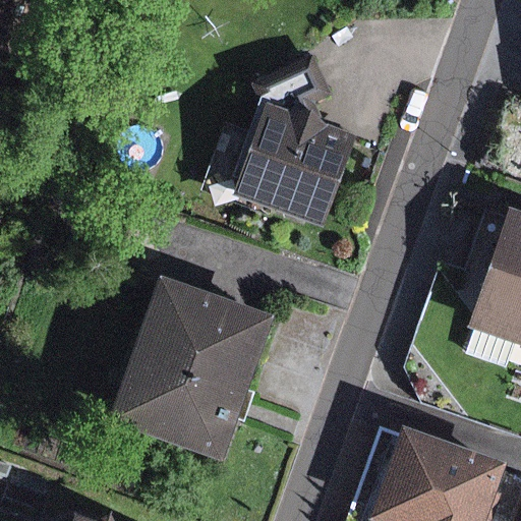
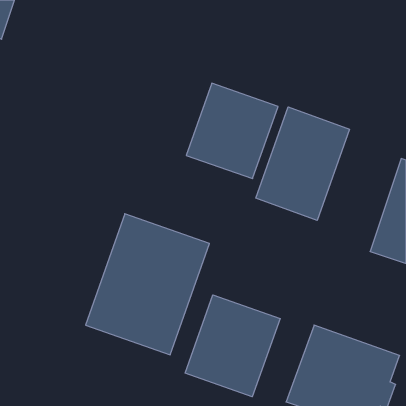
building: none -> [256,107,349,220]
building: none -> [185,295,280,397]

